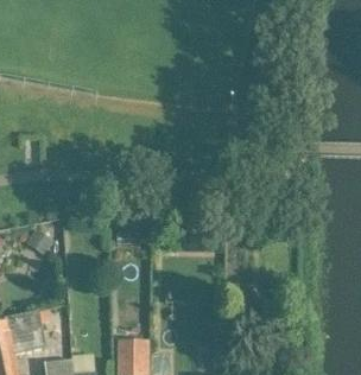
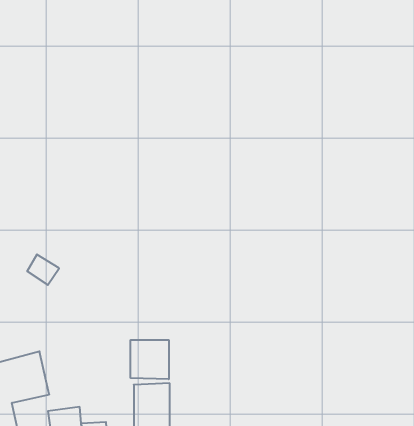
building: none -> [131,340,169,379]

